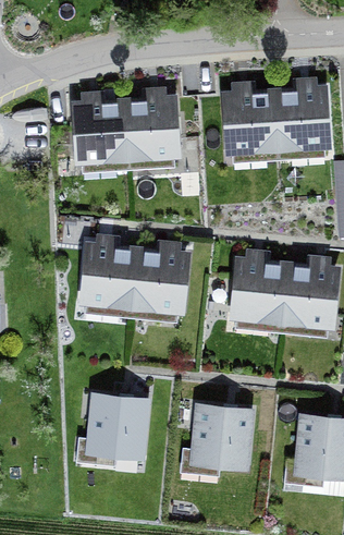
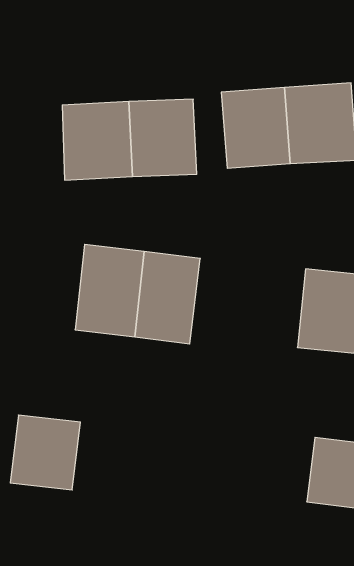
building: [231,250,291,328] -> none
building: [82,394,147,464] -> [10,415,80,490]
building: [187,403,255,471] -> none

